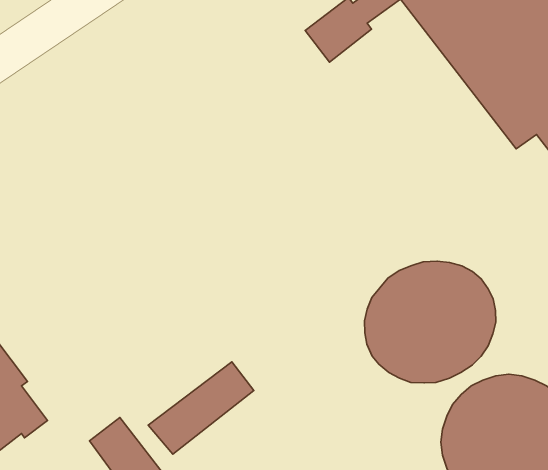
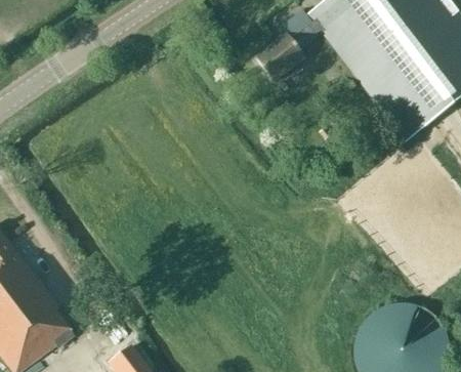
building: [364,261,496,383] -> none
building: [148,362,254,454] -> none

